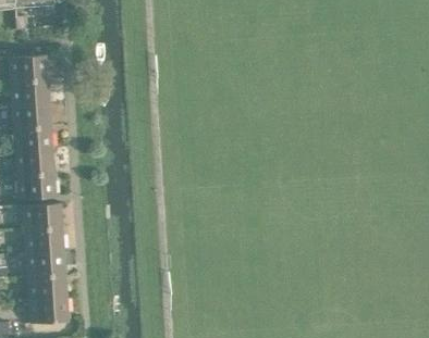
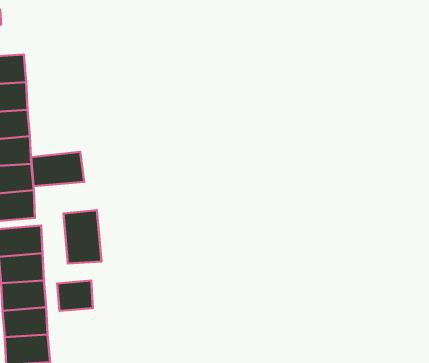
building: none -> [31,152,84,186]
building: none -> [64,210,101,263]
building: none -> [57,281,93,311]

